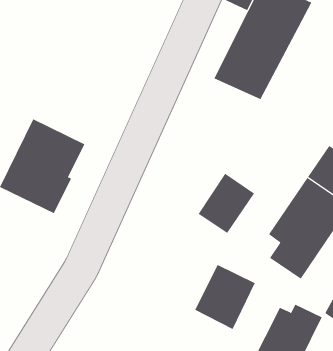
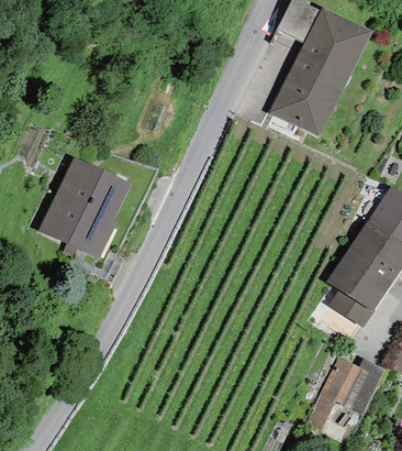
building: [198,173,255,234] -> none
building: [194,264,255,330] -> none

